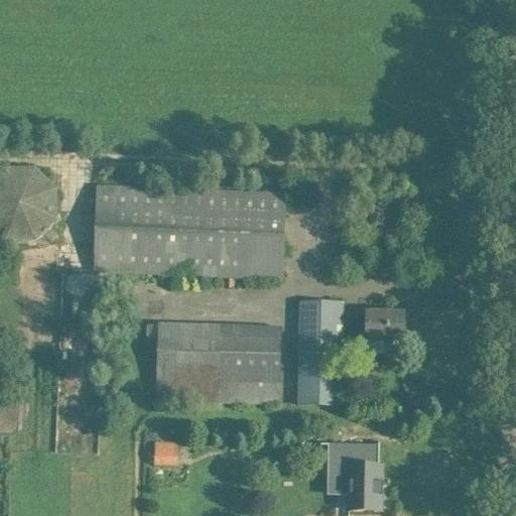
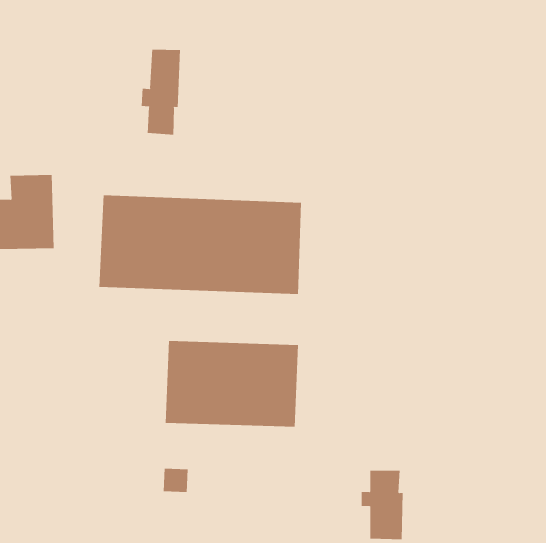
building: none -> [141,49,180,135]
building: [298,300,403,402] -> none

